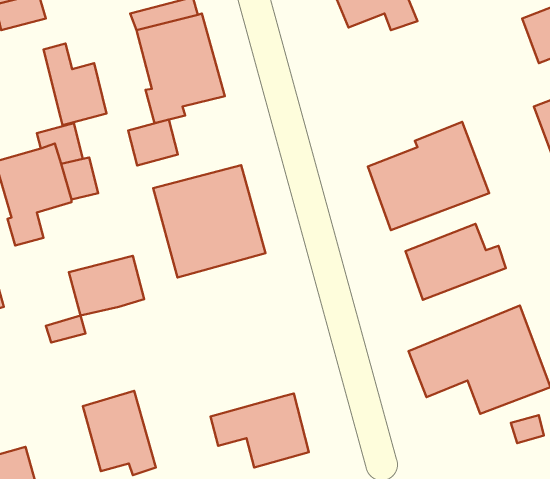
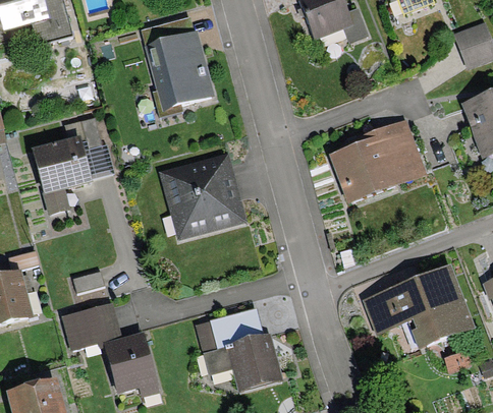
building: [44,43,107,125] -> none
building: [128,119,178,165] -> none
building: [405,224,506,300] -> none
building: [69,256,144,316] -> [62,303,122,351]
building: none -> [197,309,263,352]

